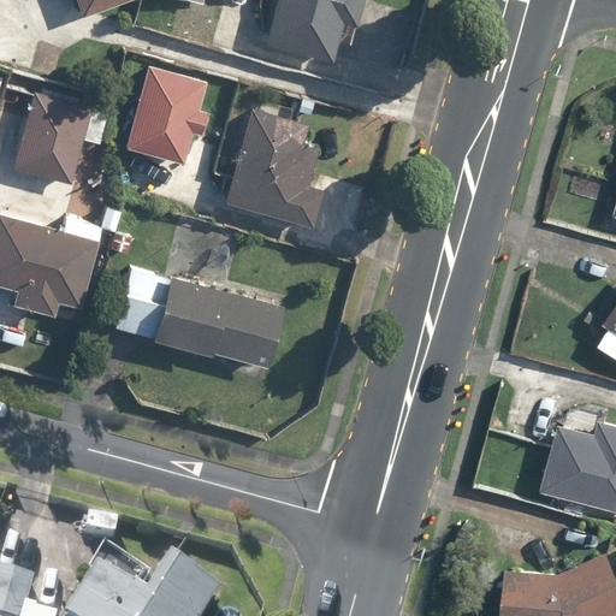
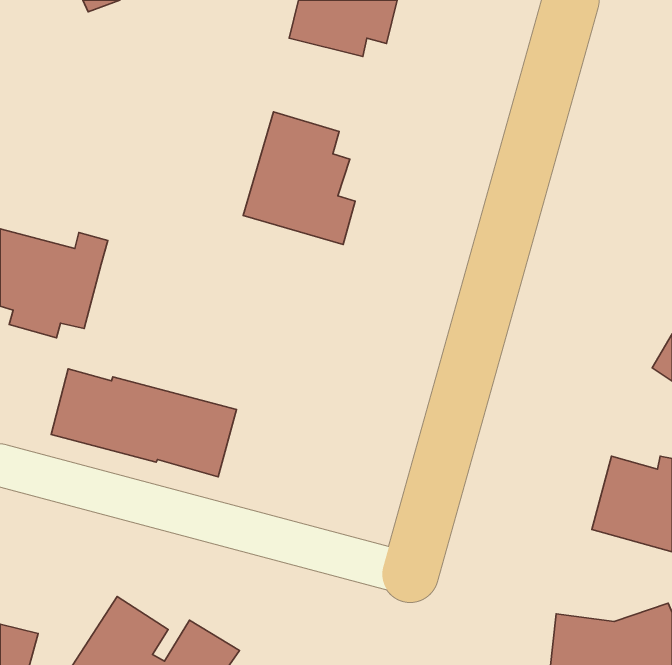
building: [123,64,205,164] -> none
building: [12,91,107,185] -> none
building: [114,271,284,369] -> [51,369,236,477]

